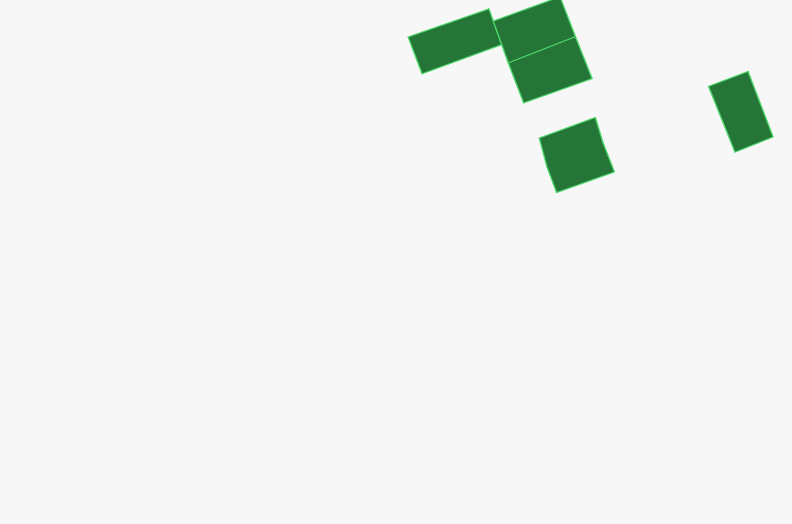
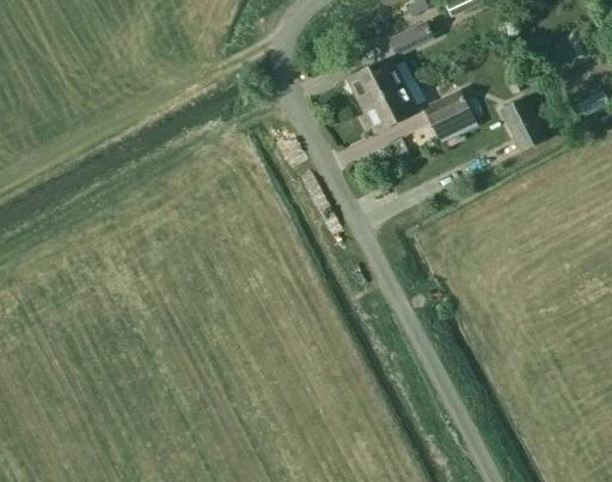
building: [408,9,501,74] -> none
building: [539,118,614,192] -> [424,87,478,141]

